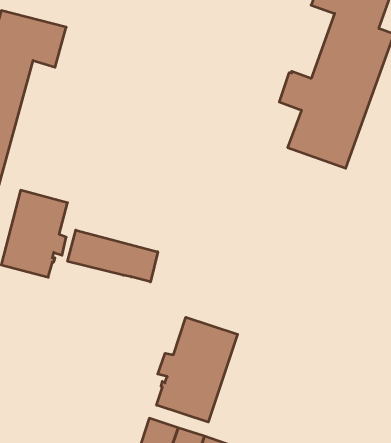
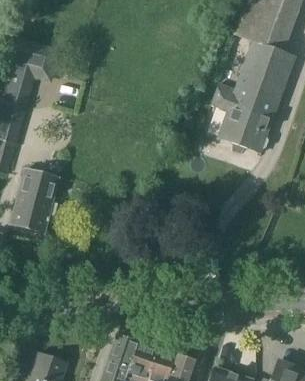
building: [68,230,158,282] -> none
building: [157,317,238,422] -> none

